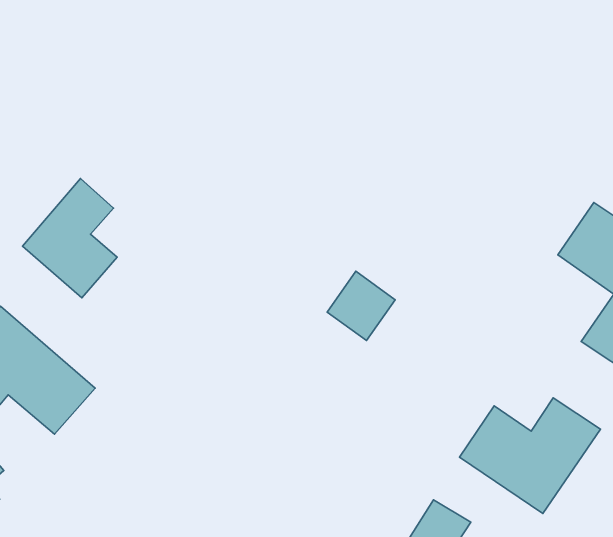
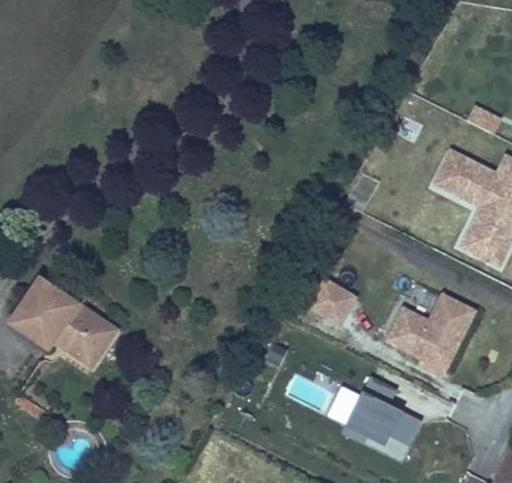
building: [22,178,117,298] -> none
building: [327,271,395,341] -> [312,278,359,326]

